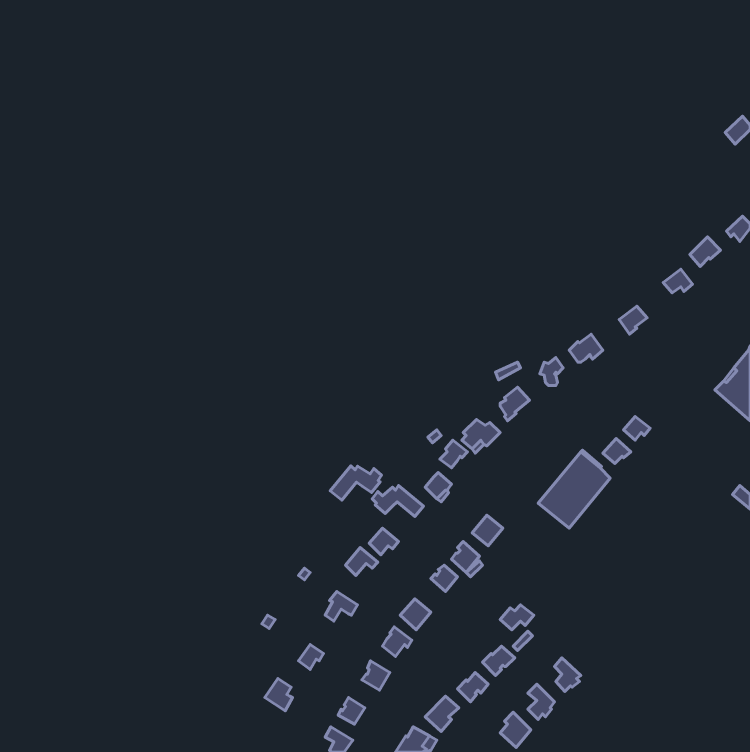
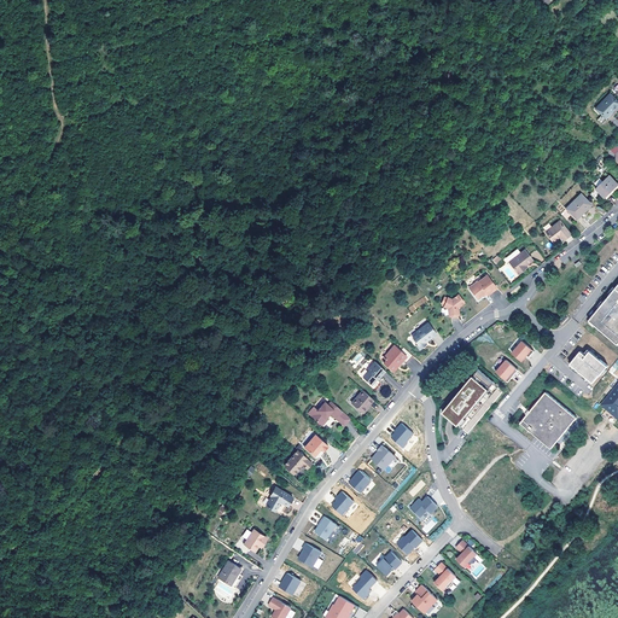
building: none -> [572,351,607,383]
building: [330,466,382,500] -> none
building: none -> [518,392,573,448]

